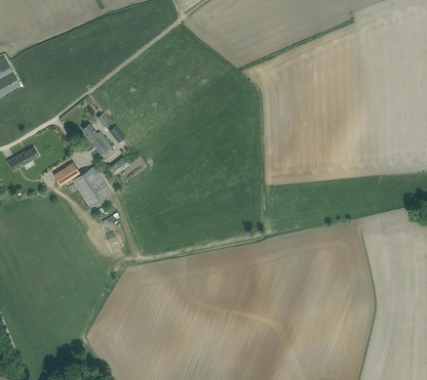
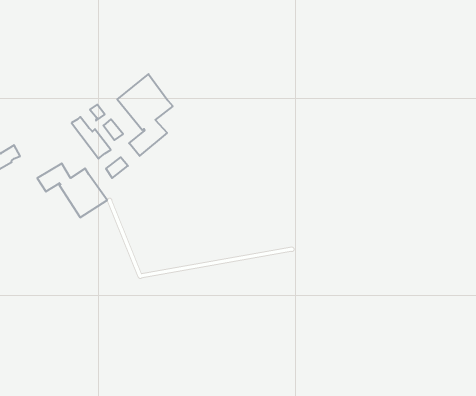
building: none -> [117,74,173,156]

